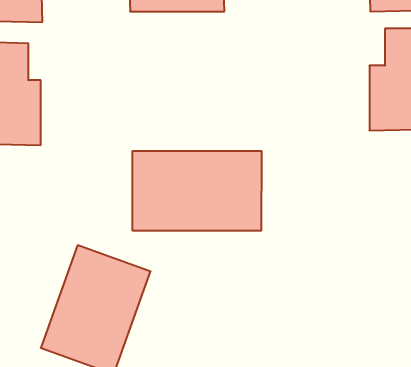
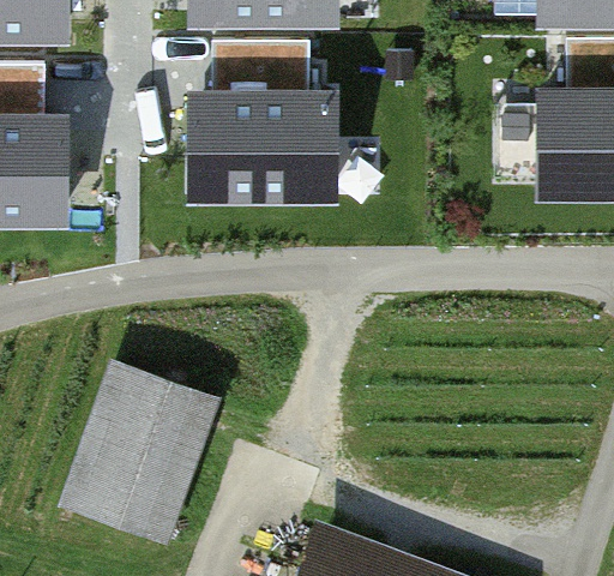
building: none -> [191,46,329,194]
building: [133,151,261,231] -> none

